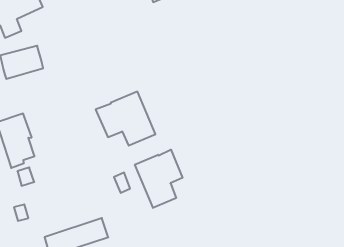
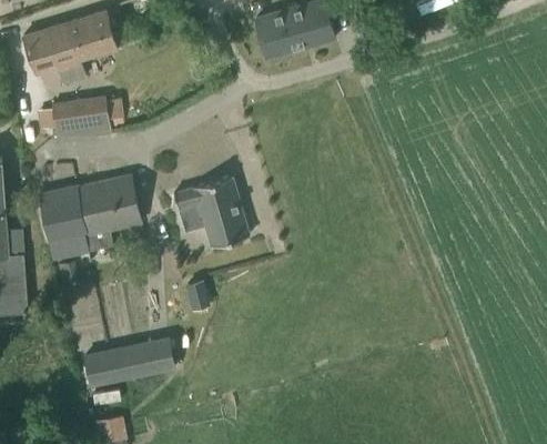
building: none -> [75,175,140,251]
building: [135,150,182,208] -> none

